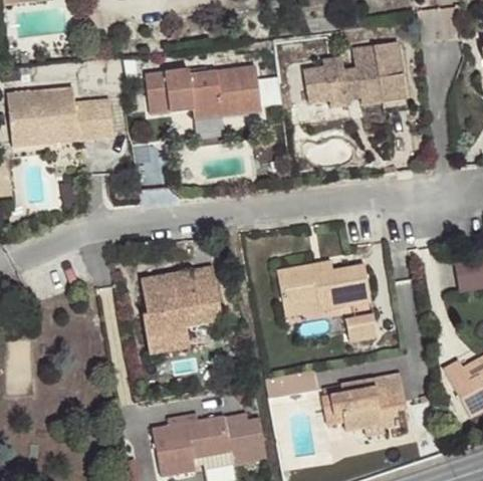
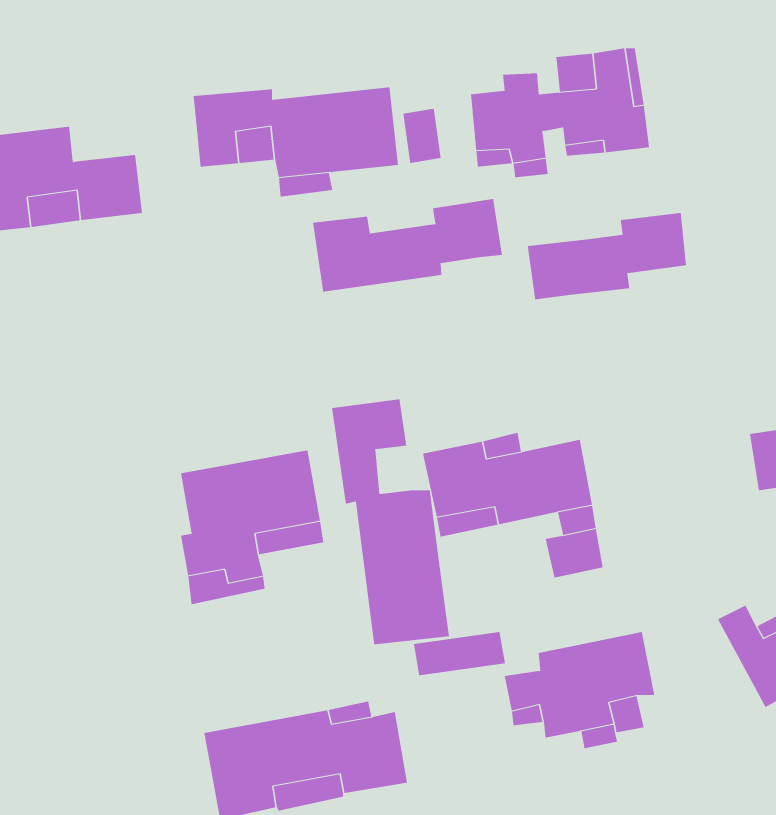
building: none -> [313,198,502,293]
building: none -> [527,212,687,300]
building: none -> [332,399,449,645]

